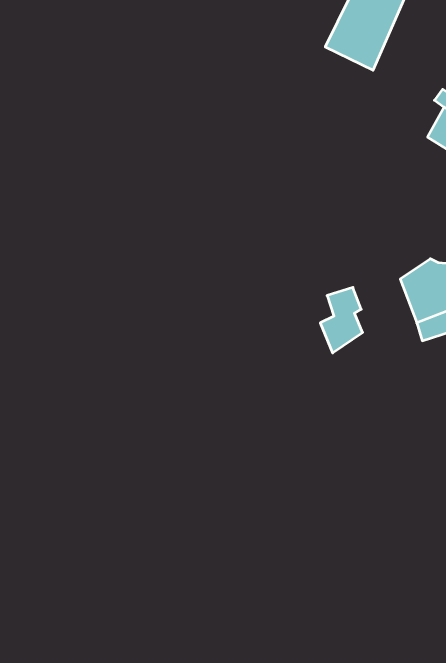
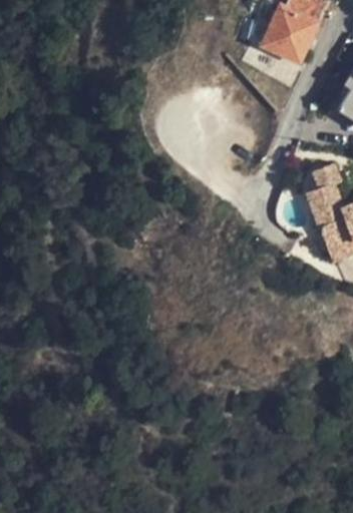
building: [320,287,363,353] -> [308,166,339,214]

